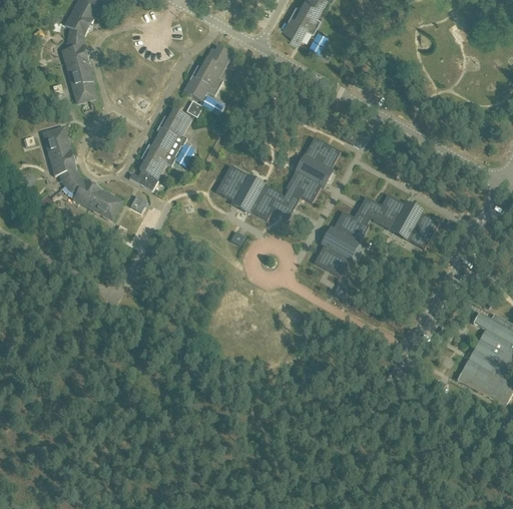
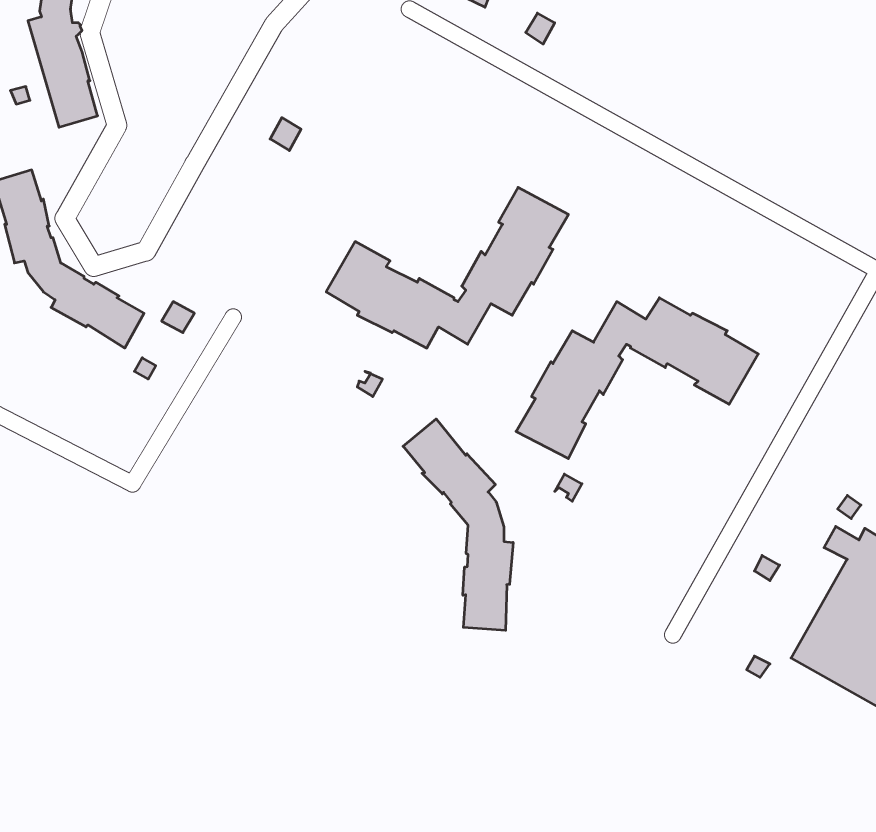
building: [183,45,232,101] -> none
building: [128,108,191,190] -> none
building: none -> [403,419,513,630]

